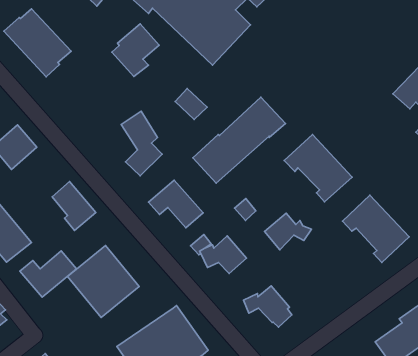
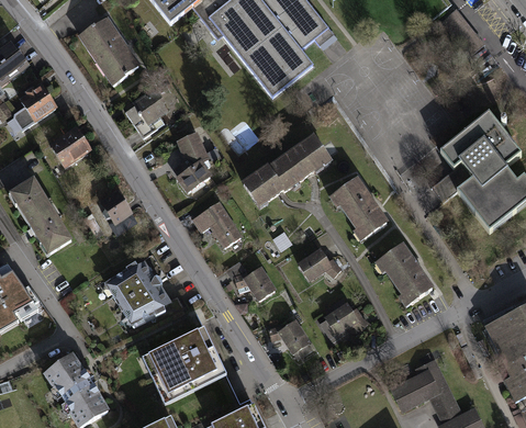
building: [112,24,159,77] -> [124,88,170,137]
building: [20,251,76,297] -> none
building: none -> [324,299,369,333]

